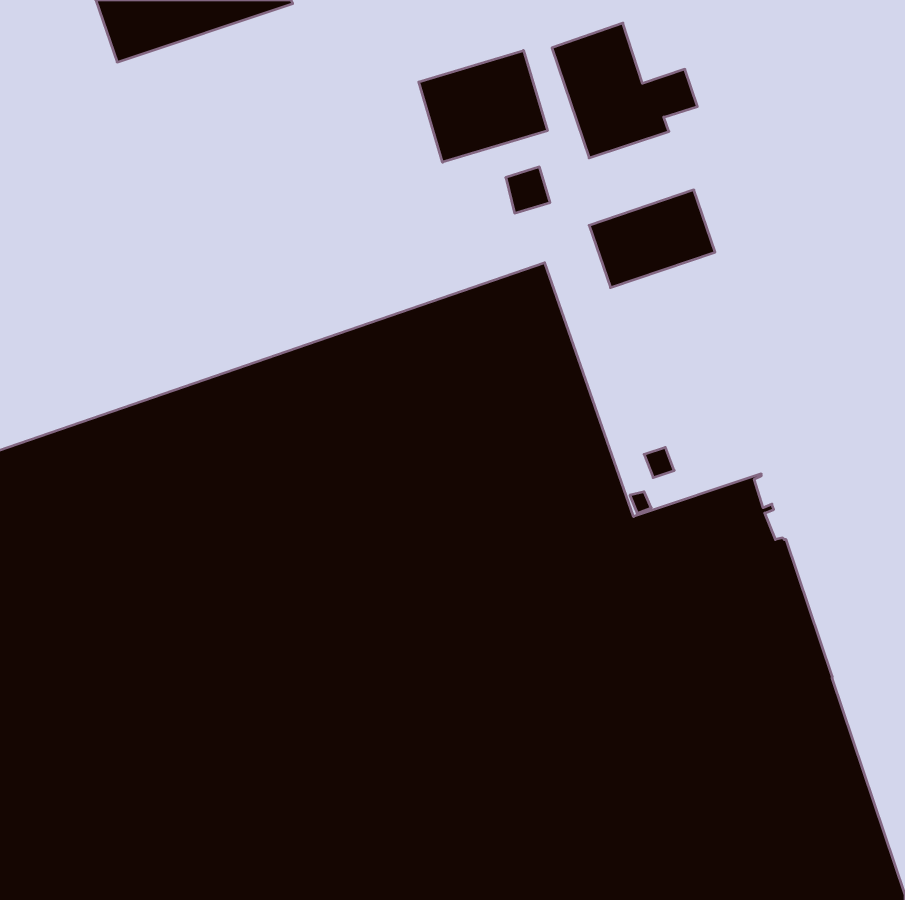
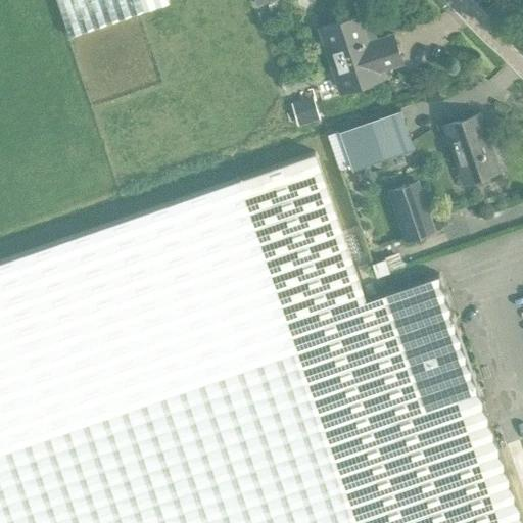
building: [419,50,547,162] -> none
building: none -> [443,117,496,185]
building: none -> [389,186,432,241]

